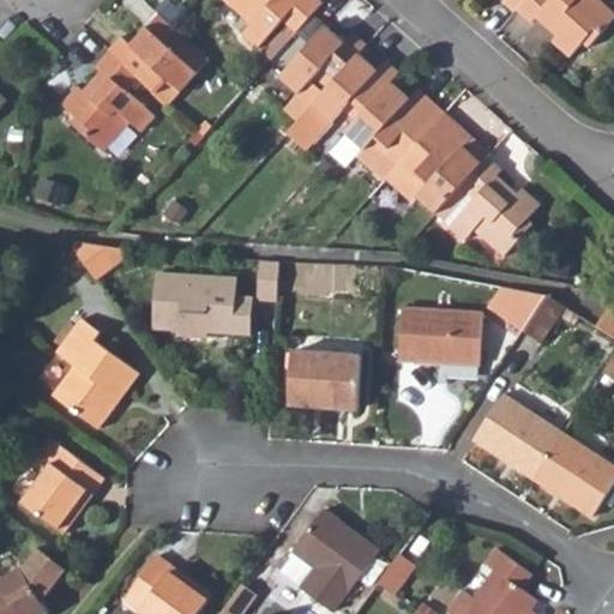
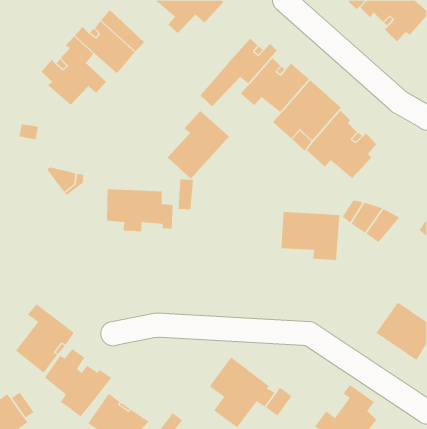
building: [279,28,365,98] -> none
building: none -> [167,110,230,179]
building: [52,319,136,428] -> none
building: [289,350,359,405] -> none
building: [476,391,566,476] -> none
building: none -> [44,348,112,417]

